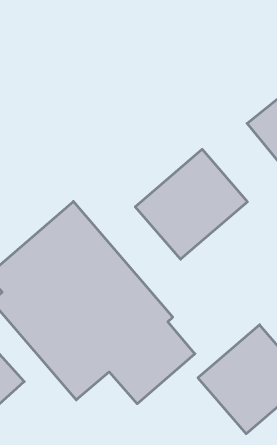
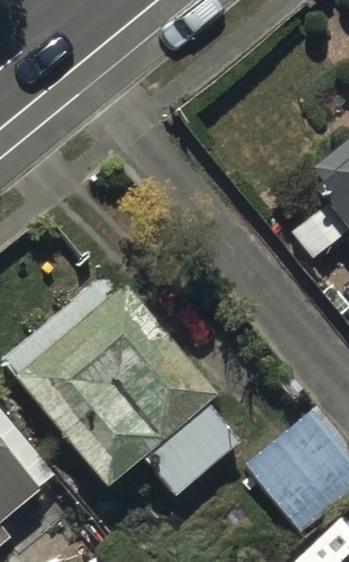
building: [135,149,247,259] -> none

